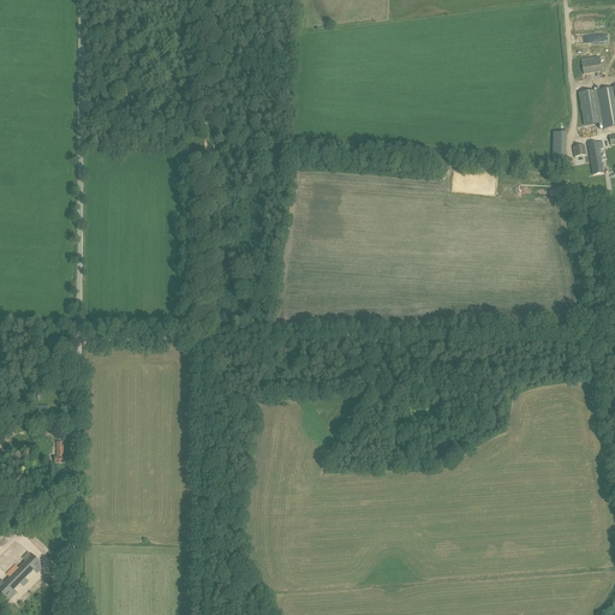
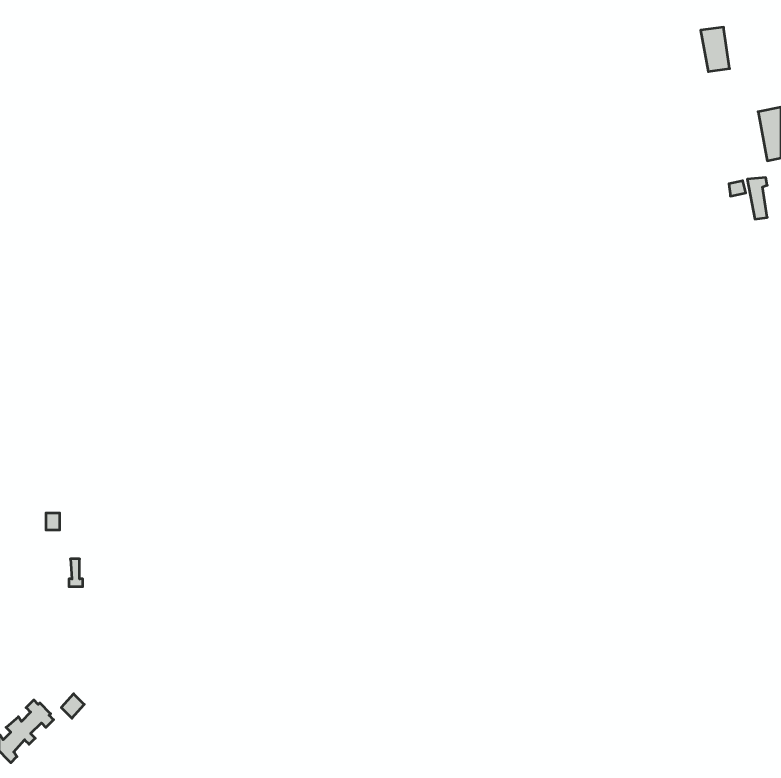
building: [577,88,599,123] -> [701,27,730,72]

